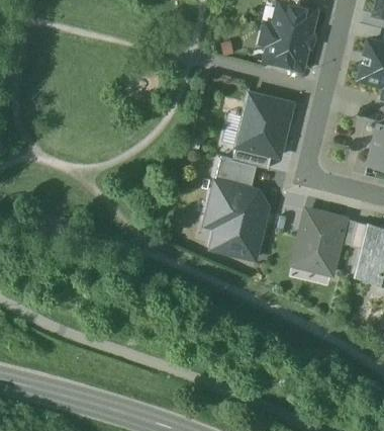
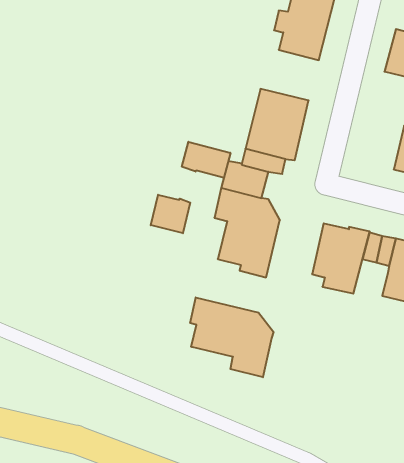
building: none -> [182,142,230,178]
building: none -> [151,195,190,233]
building: none -> [190,297,274,377]

